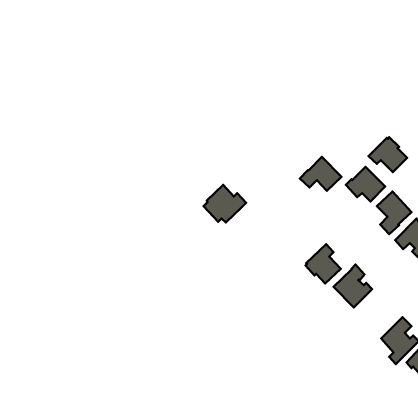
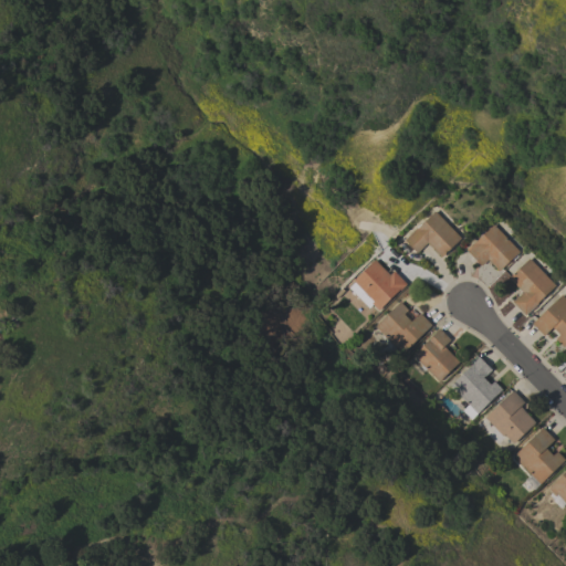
building: [369,137,407,172] -> none
building: [204,185,246,223] -> [350,259,408,310]
building: none -> [376,301,432,354]
building: none -> [486,390,537,443]

